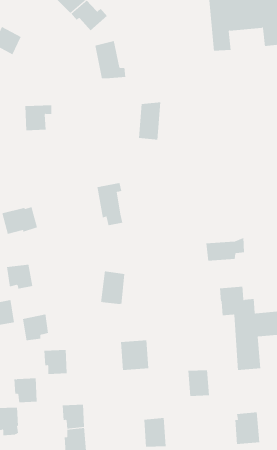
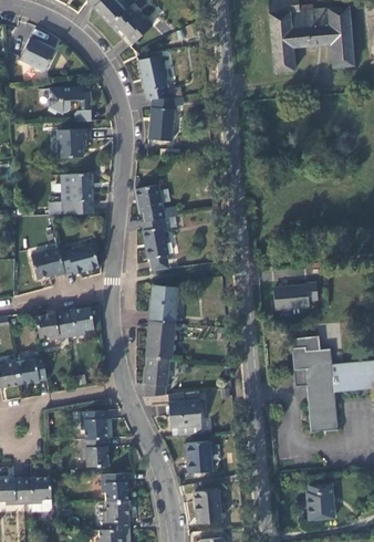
building: none -> [49,88,93,122]
building: [138,102,161,140] -> [149,97,176,142]
building: none -> [50,175,94,216]
building: none -> [136,185,169,223]
building: none -> [69,244,101,273]
building: none -> [150,285,179,324]
building: none -> [144,357,169,398]
building: [22,314,49,341] -> [64,308,95,338]
building: [188,370,210,397] -> [187,442,212,473]
building: [14,378,38,403] -> [82,439,110,468]

